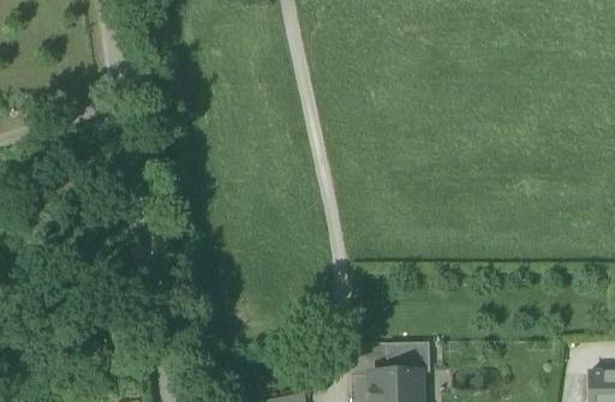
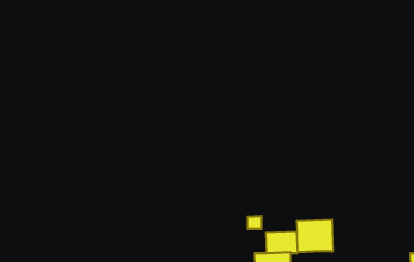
building: none -> [297,220,333,252]

